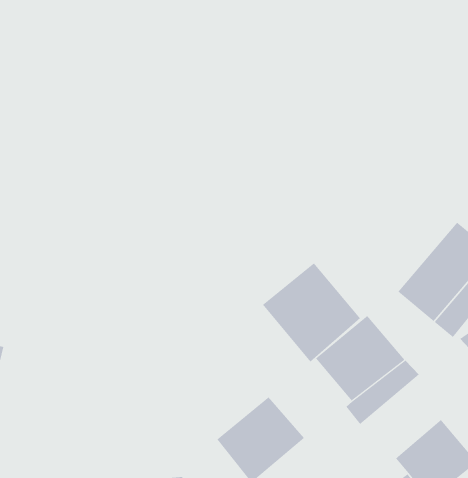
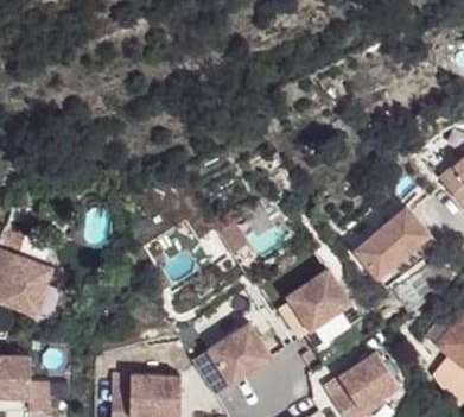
building: [262,263,361,362] -> none

